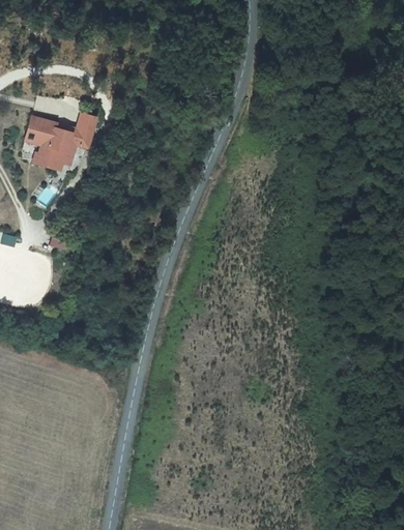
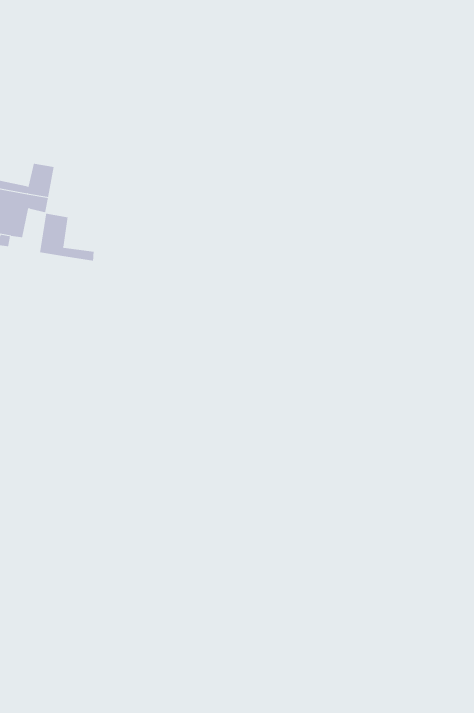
building: none -> [39,213,94,262]

